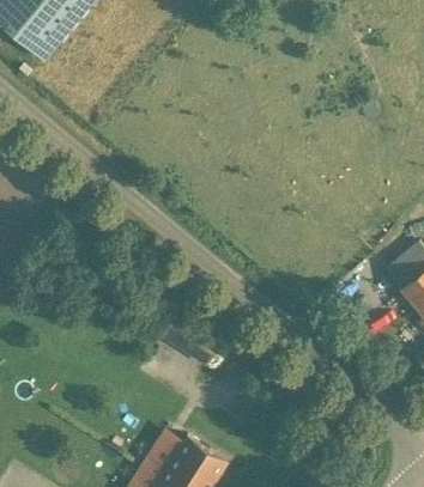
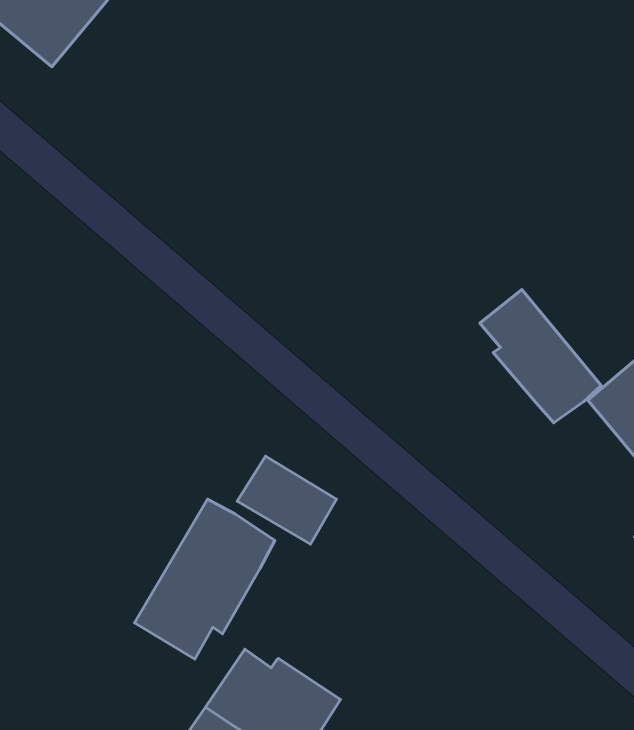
building: none -> [480,289,601,423]
building: none -> [135,499,275,659]

